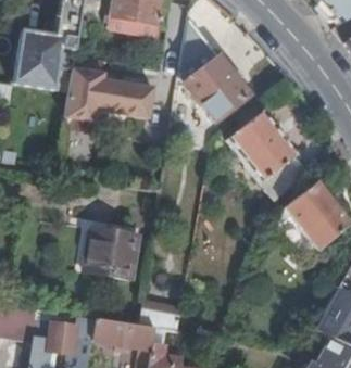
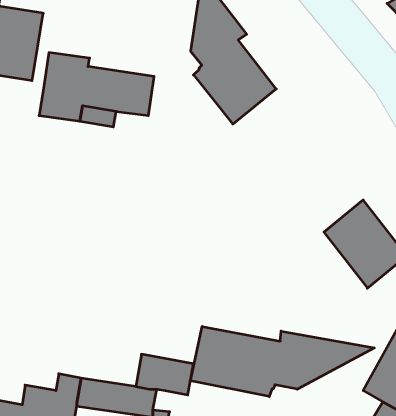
building: [226,111,305,195] -> none
building: [75,227,138,279] -> none
building: none -> [190,326,374,397]

